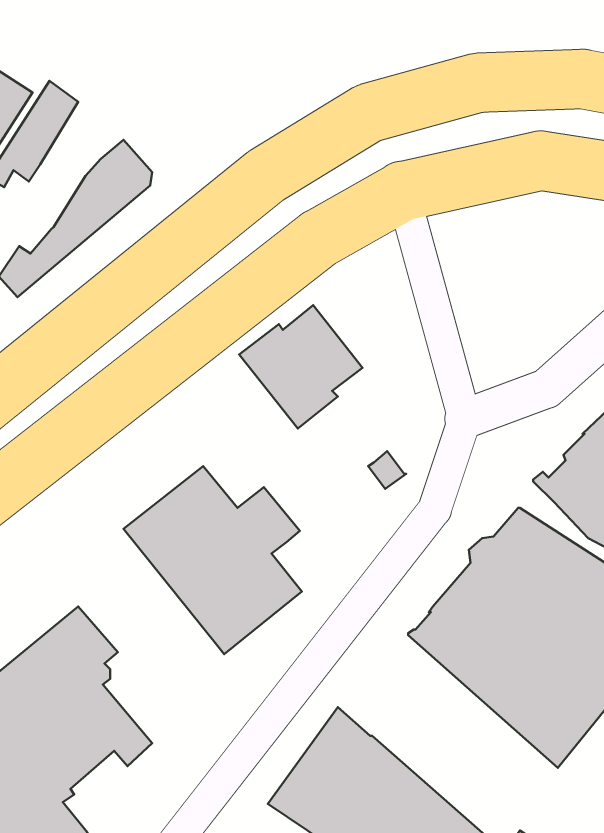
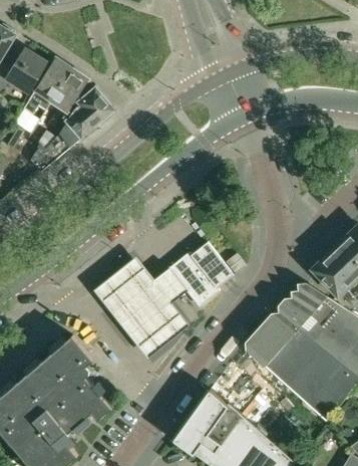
building: none -> [47,67,88,129]
building: [239,305,362,429] -> [166,241,232,306]

